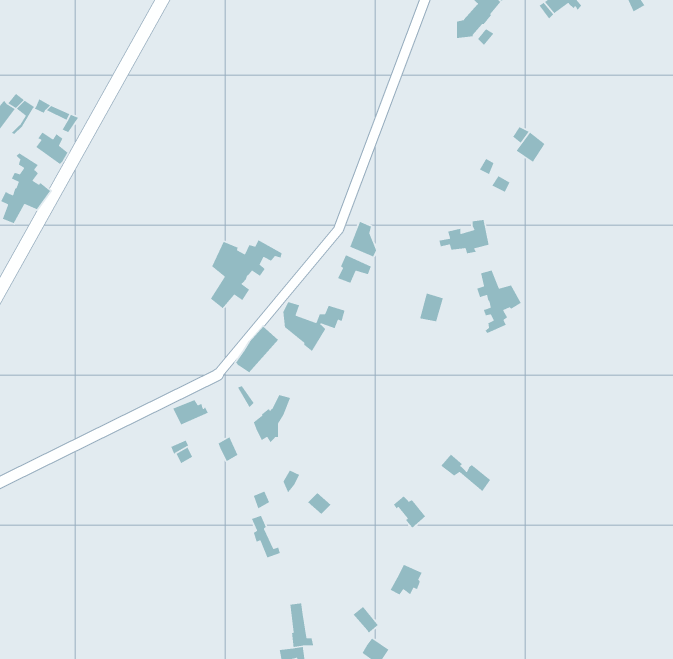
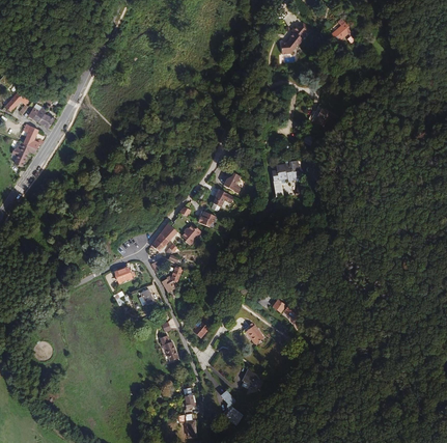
building: [210,239,283,309] -> none
building: [476,269,522,334] -> none

